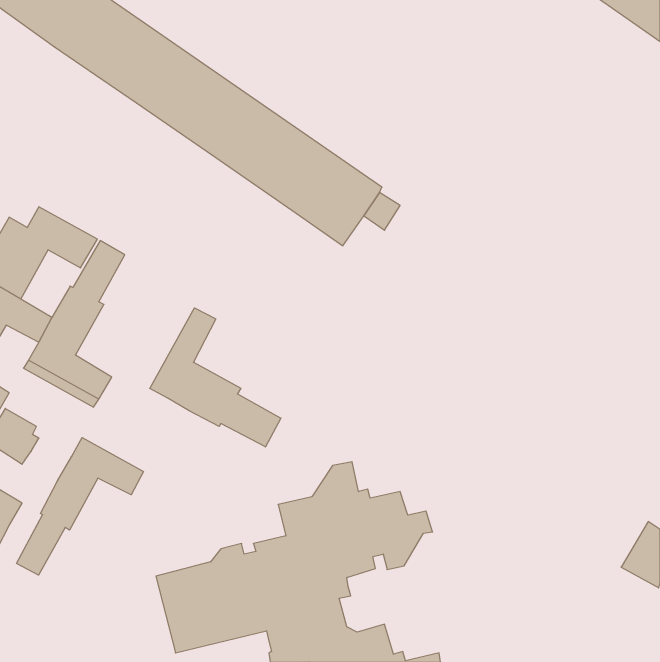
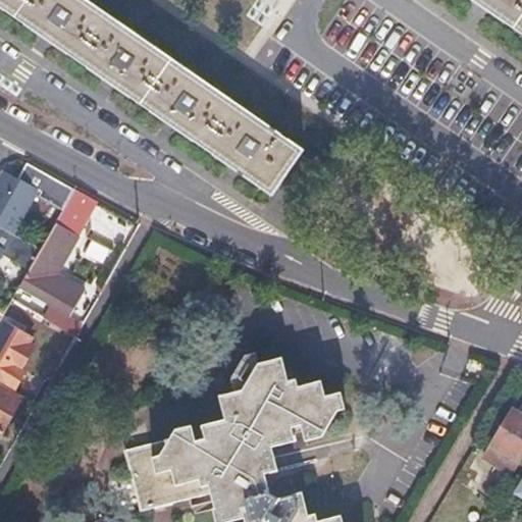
building: [150,308,281,447] -> none
building: [17,438,143,575] -> none

